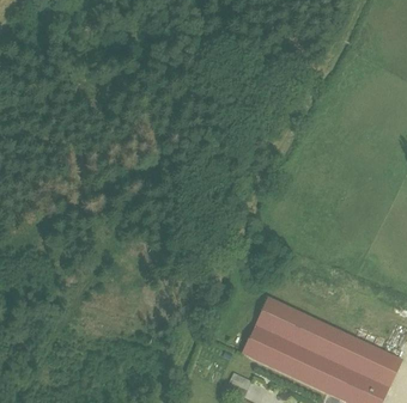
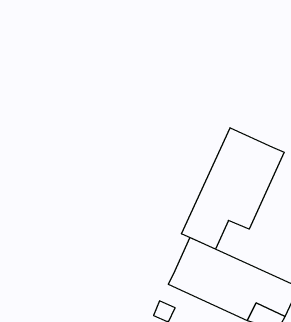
building: none -> [182,128,284,249]

